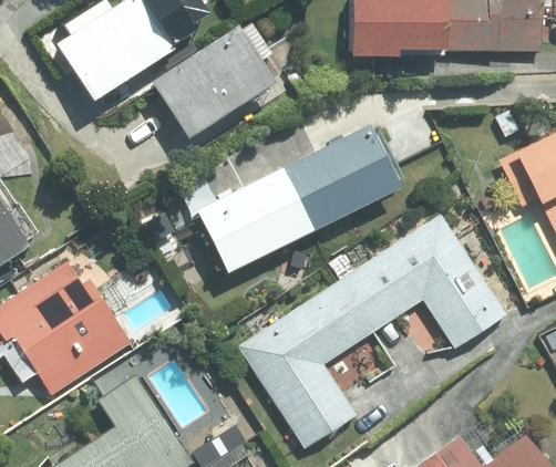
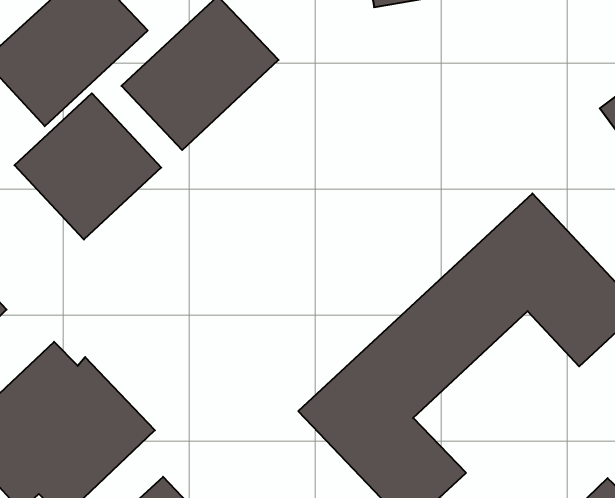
building: none -> [14,93,161,240]
building: [194,124,400,273] -> none

